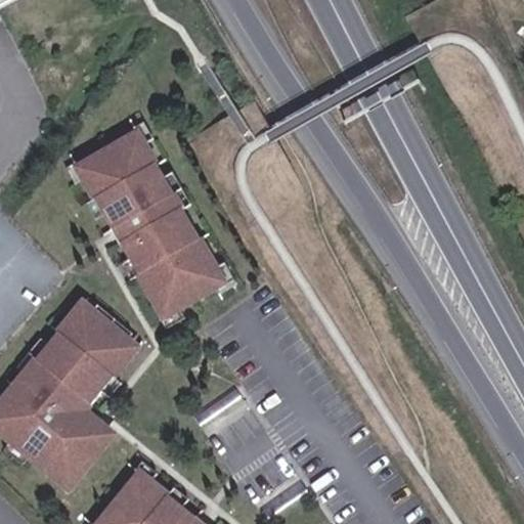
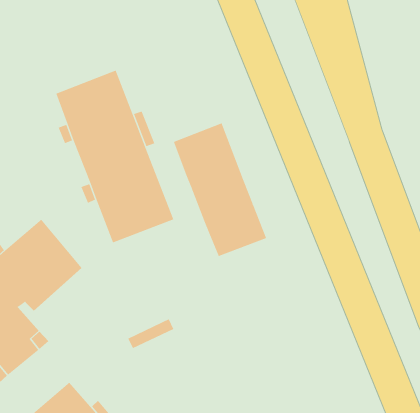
building: none -> [173,123,267,257]

